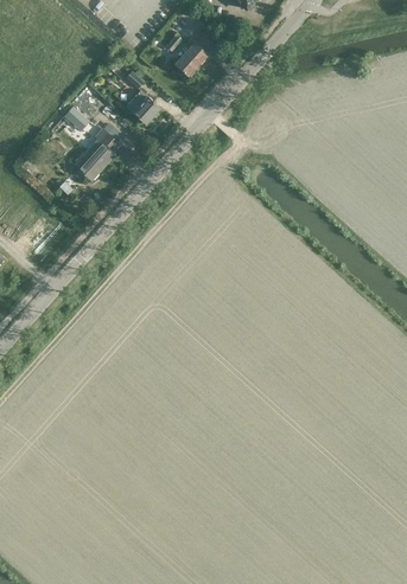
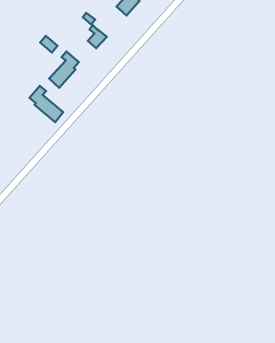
building: none -> [30,86,63,122]

